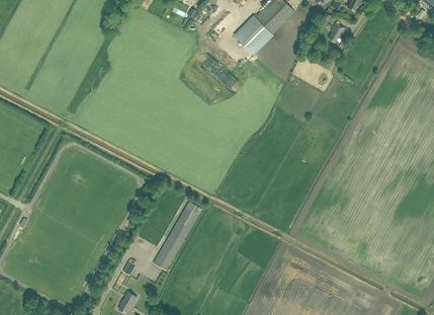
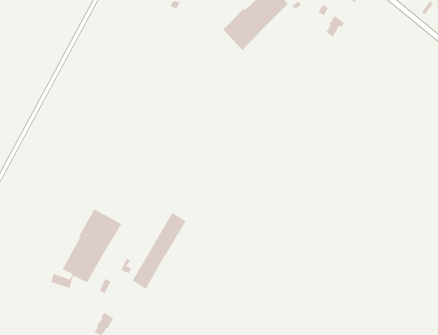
building: none -> [51,209,122,289]

